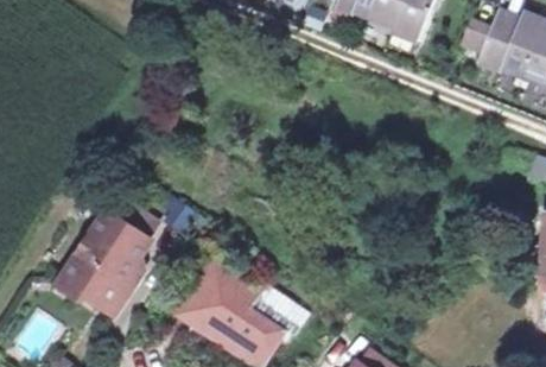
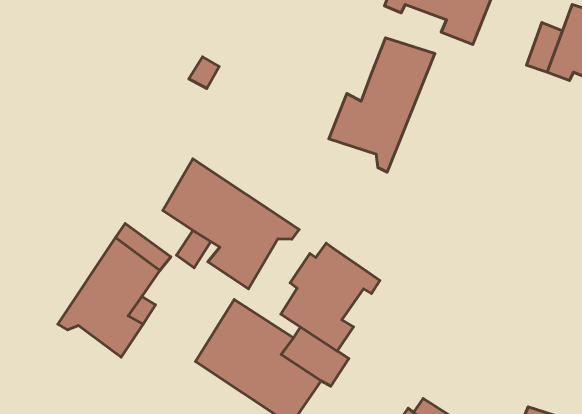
building: none -> [329,38,435,172]
building: none -> [163,159,299,289]
building: none -> [281,243,380,351]

